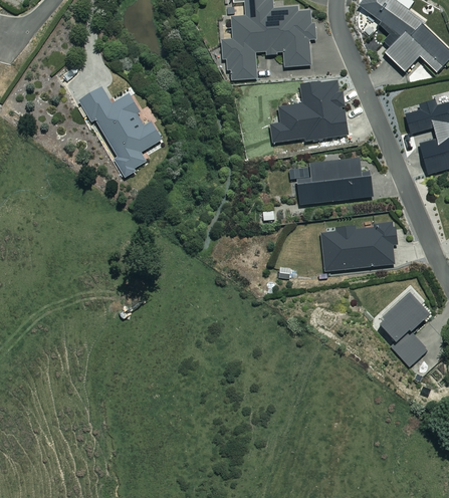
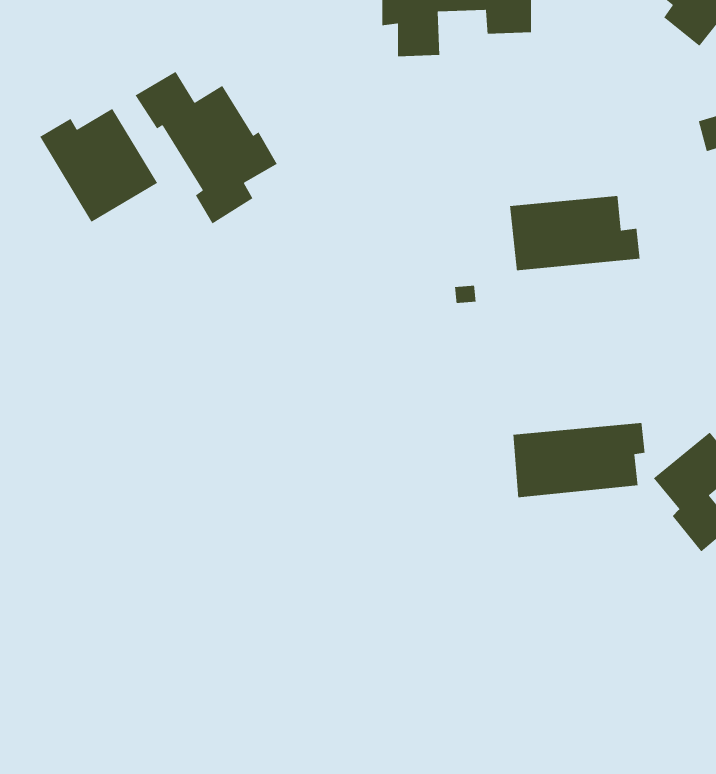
building: [269,82,348,141] -> none
building: none -> [39,108,158,223]
building: [320,225,398,269] -> [512,422,645,498]

